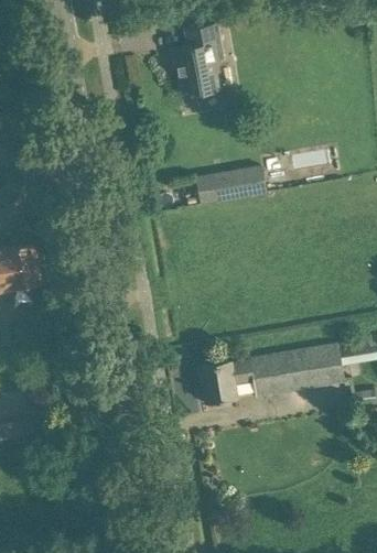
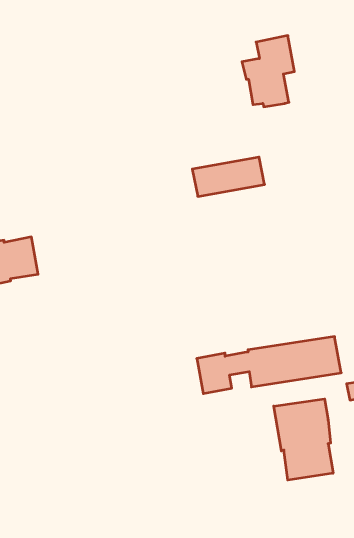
building: [170,23,223,95] -> [242,36,294,107]
building: none -> [274,399,333,480]

